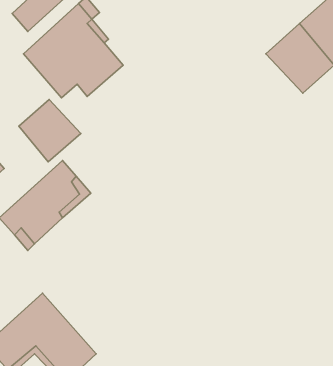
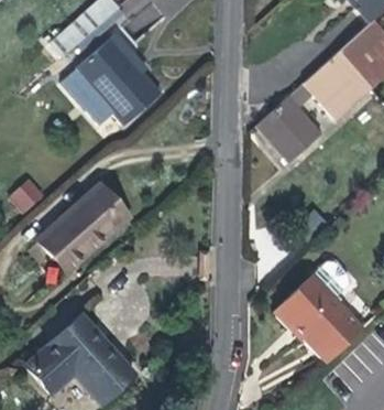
building: none -> [253,99,316,164]
building: [19,100,81,162] -> none
building: none -> [264,270,359,375]

